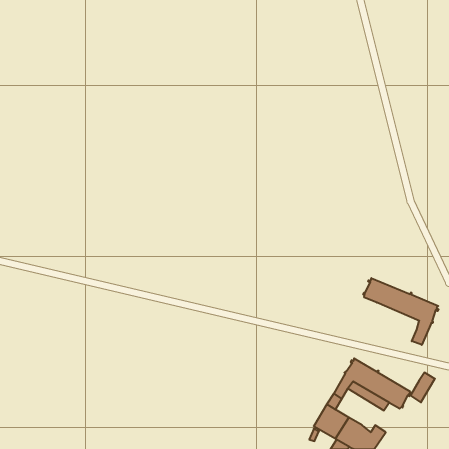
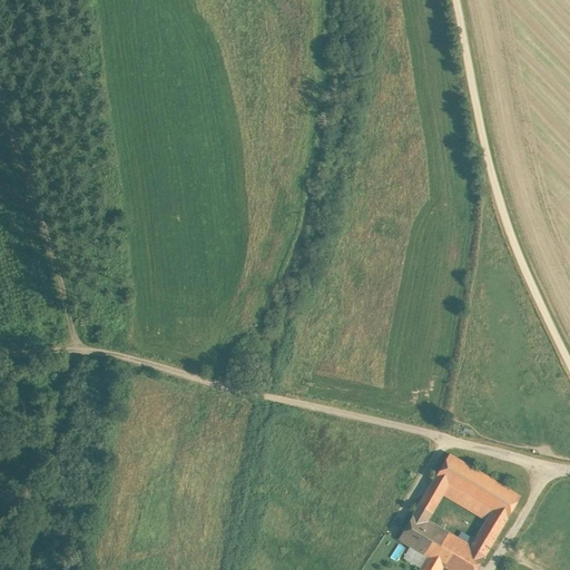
building: [363,278,439,345] -> none
building: [410,373,435,402] -> [475,510,507,548]

